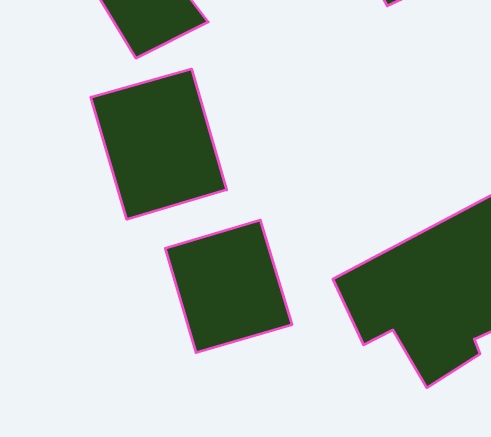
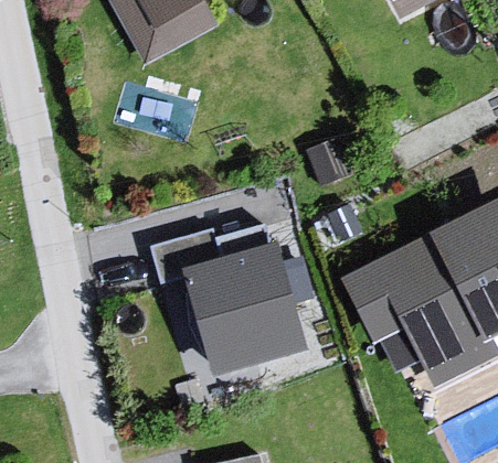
building: [91,69,227,219] -> none

